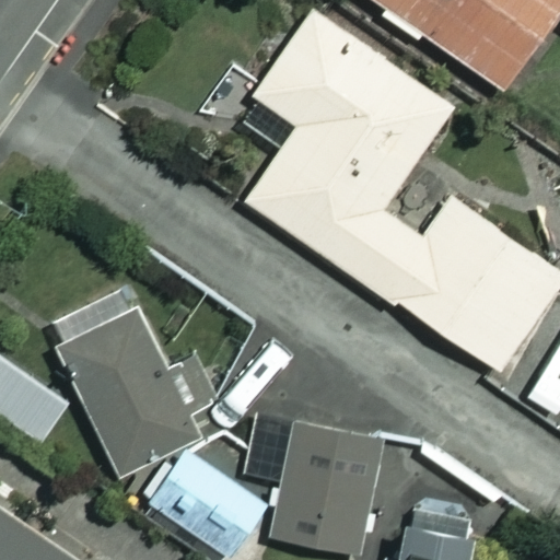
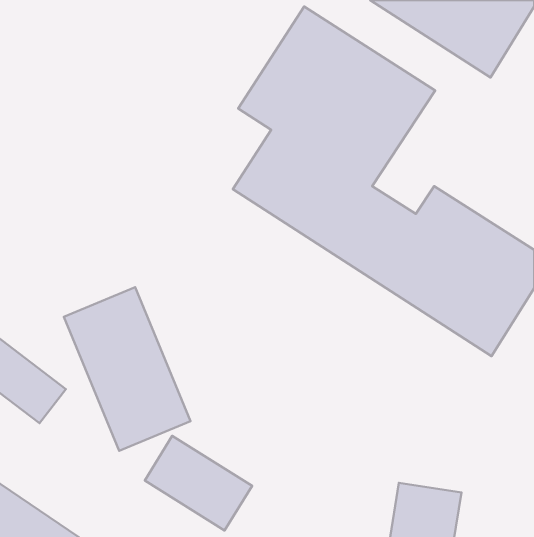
building: [270,424,384,551] -> none

